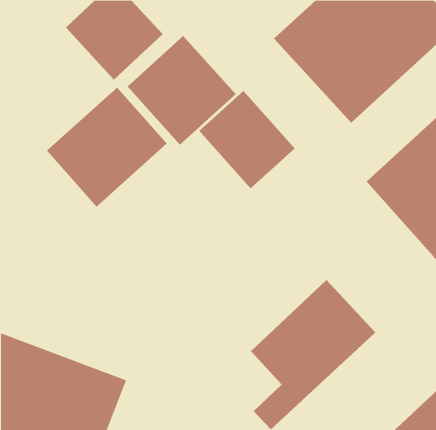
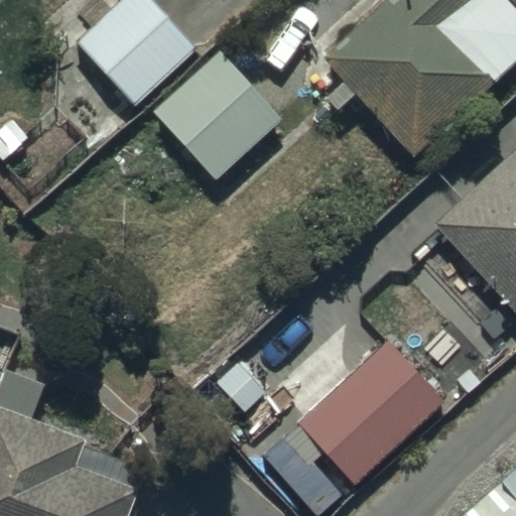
building: [46,87,167,207] -> none
building: [198,90,296,189] -> none

